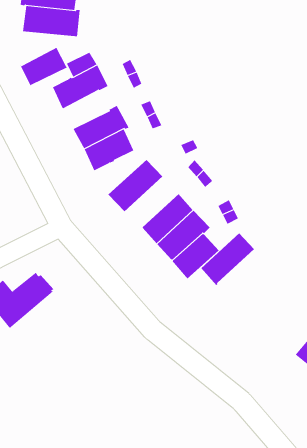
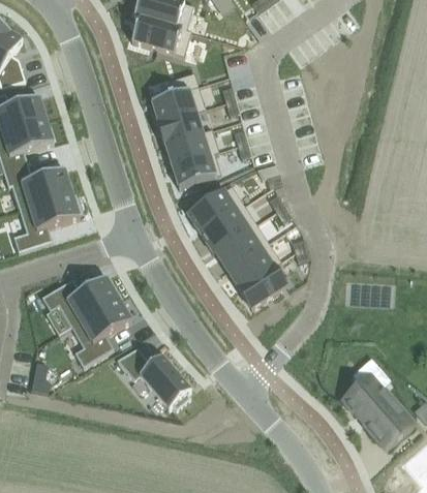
building: [19,47,68,88] -> [156,110,203,145]
building: [200,233,255,286] -> [201,204,256,251]
building: none -> [70,297,131,365]
building: none -> [116,346,190,408]

